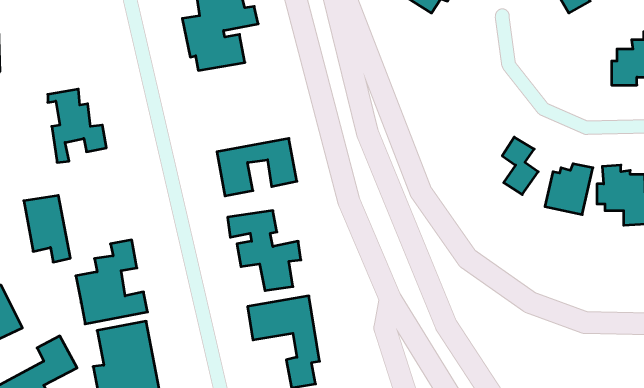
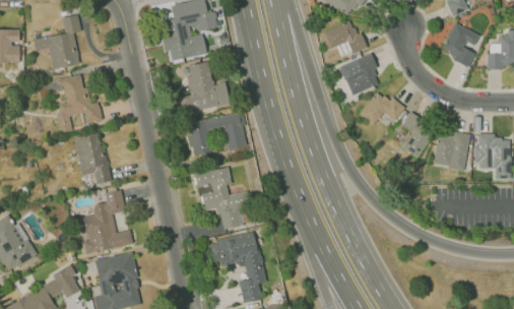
building: none -> [33,15,80,69]
building: none -> [327,22,370,56]
building: none -> [446,25,480,66]
building: none -> [342,54,379,95]
building: none -> [177,62,230,114]
building: none -> [361,94,407,127]
building: [24,195,70,262] -> [74,133,110,184]

